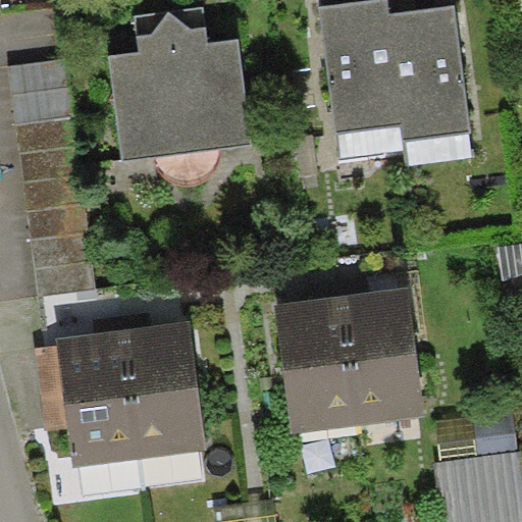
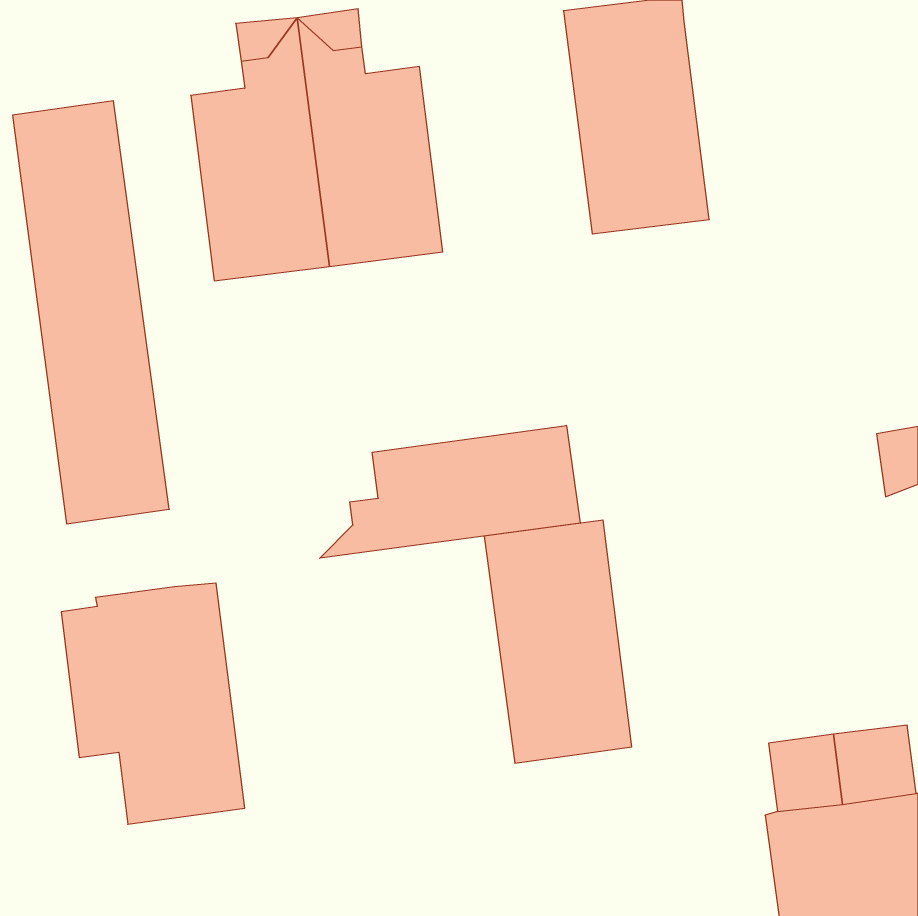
building: [387,6,470,142] -> none
building: none -> [320,425,580,558]
building: [342,289,424,425] -> none
building: [122,324,204,460] -> none

